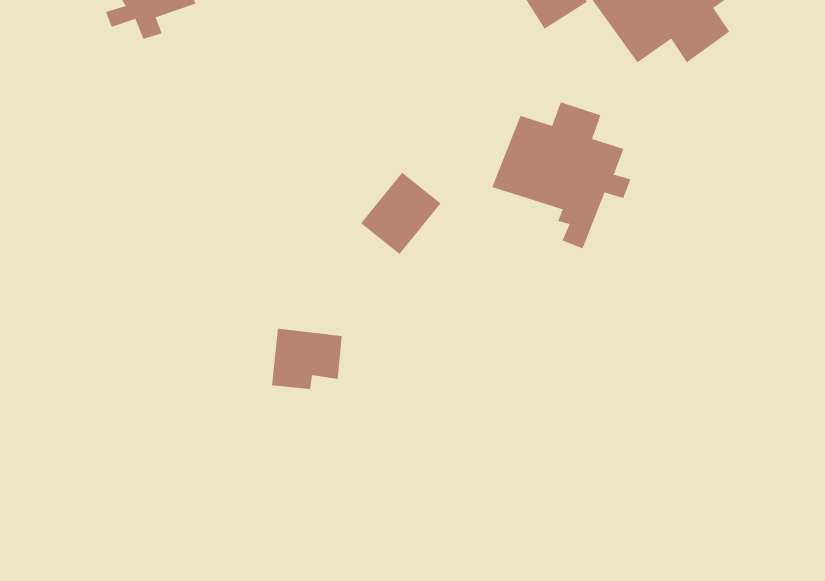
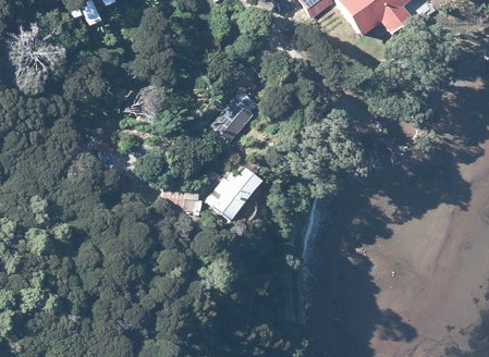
building: [491,101,631,249] -> none
building: none -> [206,167,262,220]

